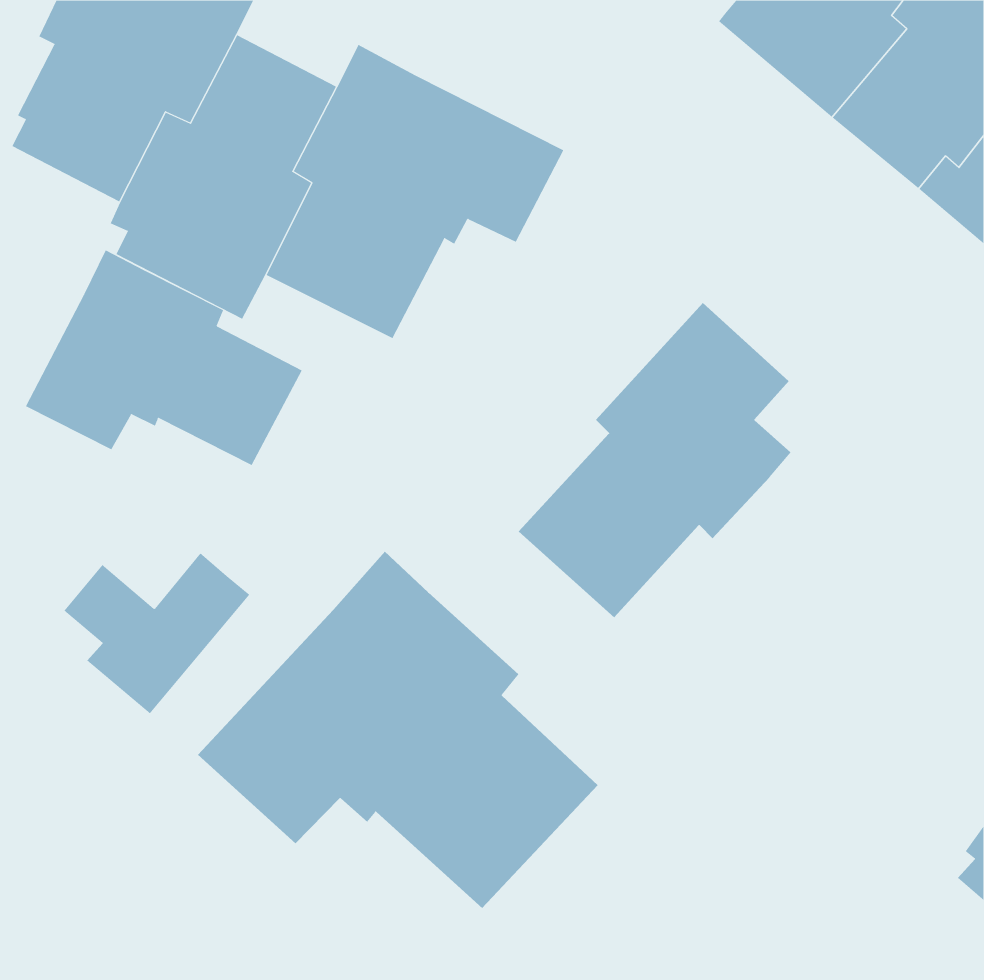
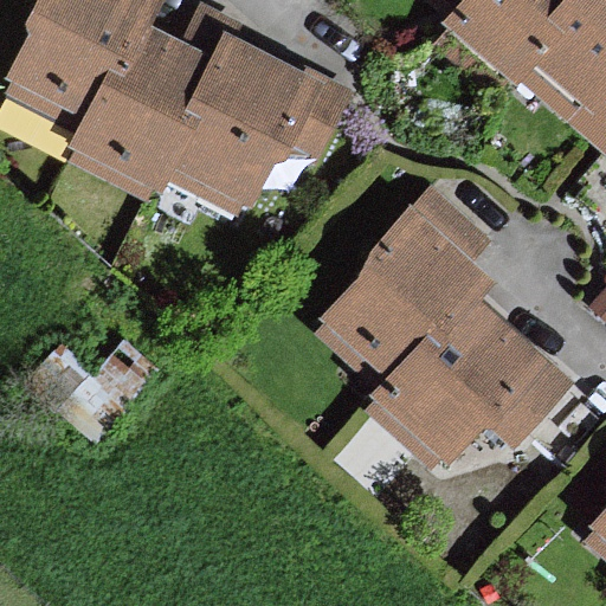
building: [25,250,302,466] -> none
building: none -> [368,296,567,462]
building: [197,551,598,909] -> none

